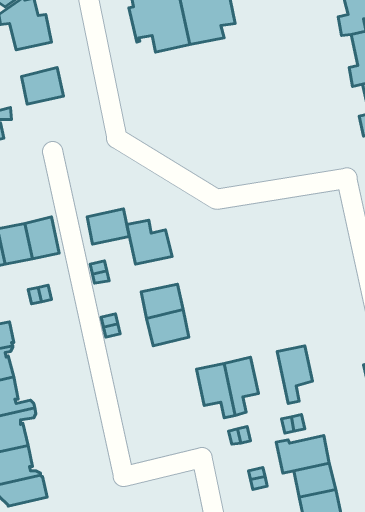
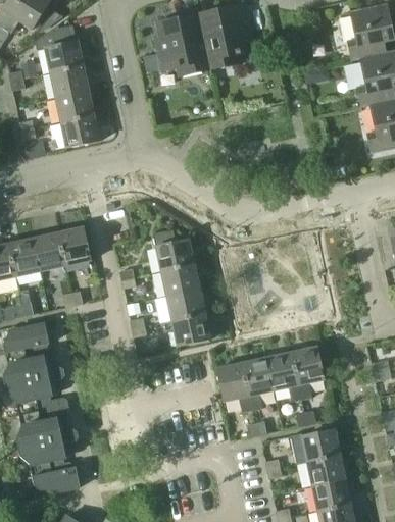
building: none -> [50,65,88,97]
building: none -> [60,115,99,147]
building: [87,209,129,244] -> [160,263,199,296]
building: none -> [266,351,301,401]

